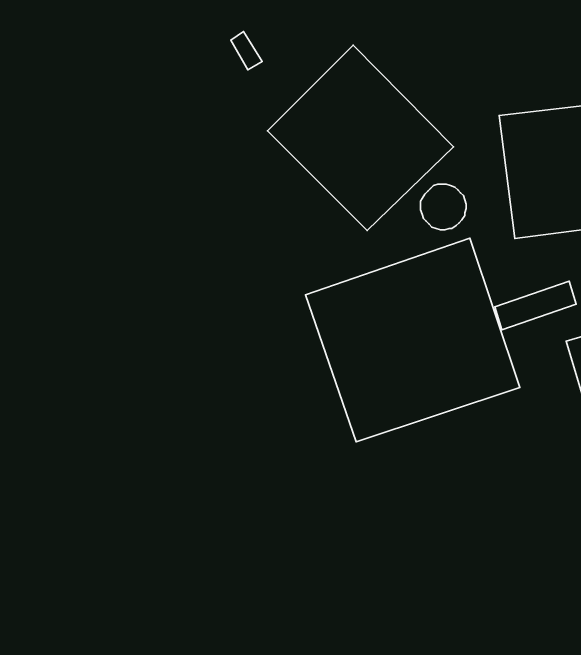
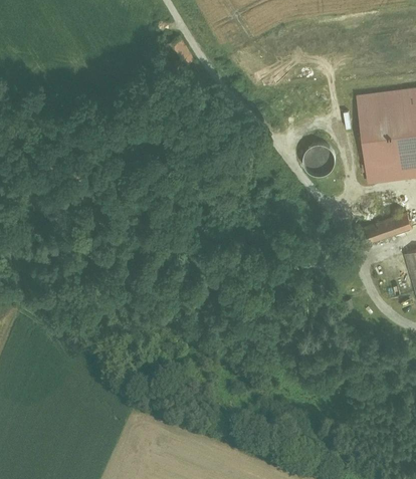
building: [268,45,453,231] -> none
building: [305,238,520,442] -> none

